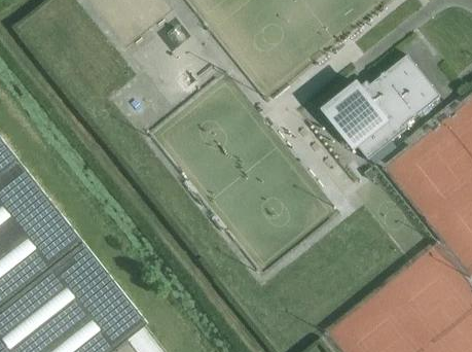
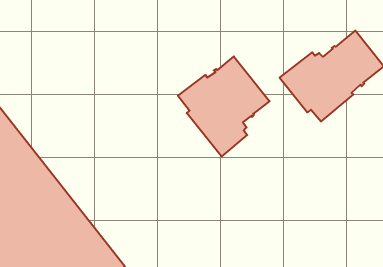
building: none -> [178,56,270,156]

